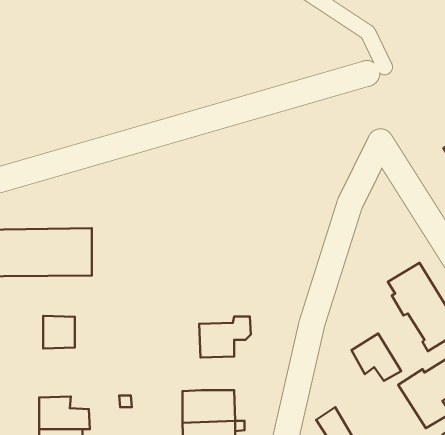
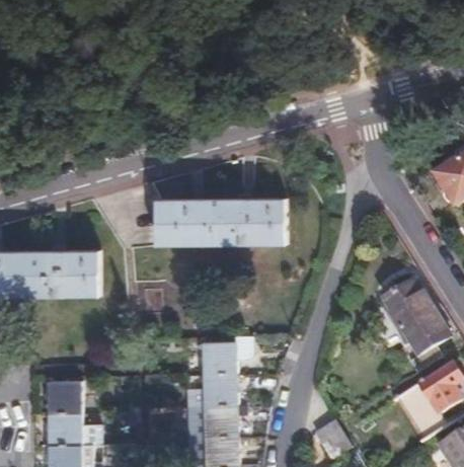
building: none -> [156,200,288,244]
building: [43,316,75,348] -> [49,382,79,413]
building: [351,334,401,381] -> none
building: none -> [204,374,236,406]

